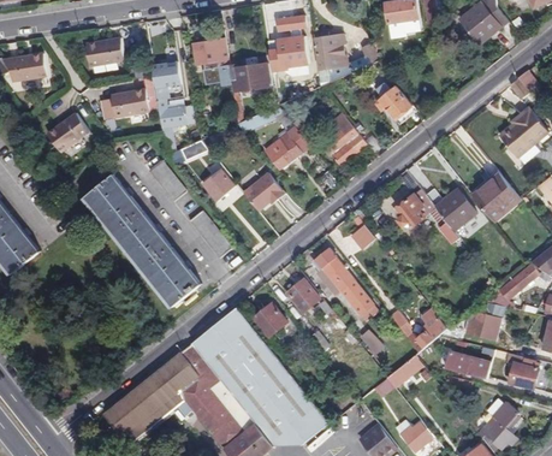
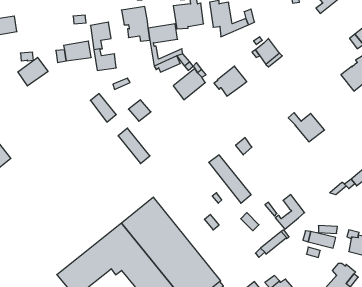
building: [87,37,124,65] -> none
building: [242,172,284,211] -> none
building: [473,172,518,219] -> none
building: [85,174,200,304] -> none
building: [396,188,461,243] -> none
building: [286,279,319,312] -> none
building: [254,302,287,336] -> none
building: [464,310,498,338] -> none

